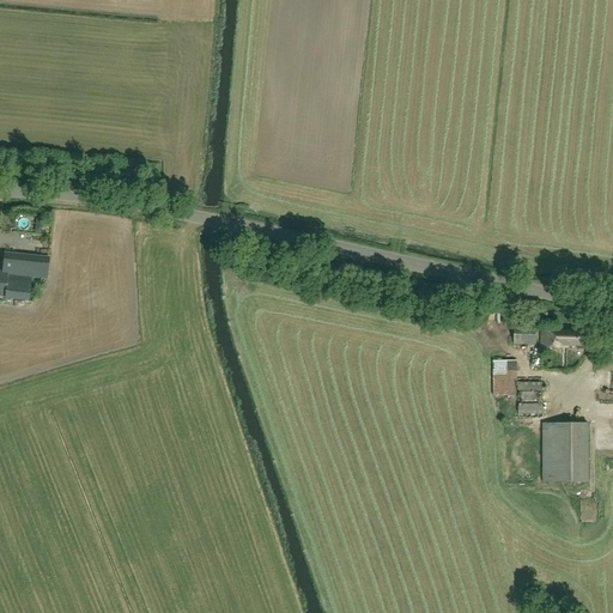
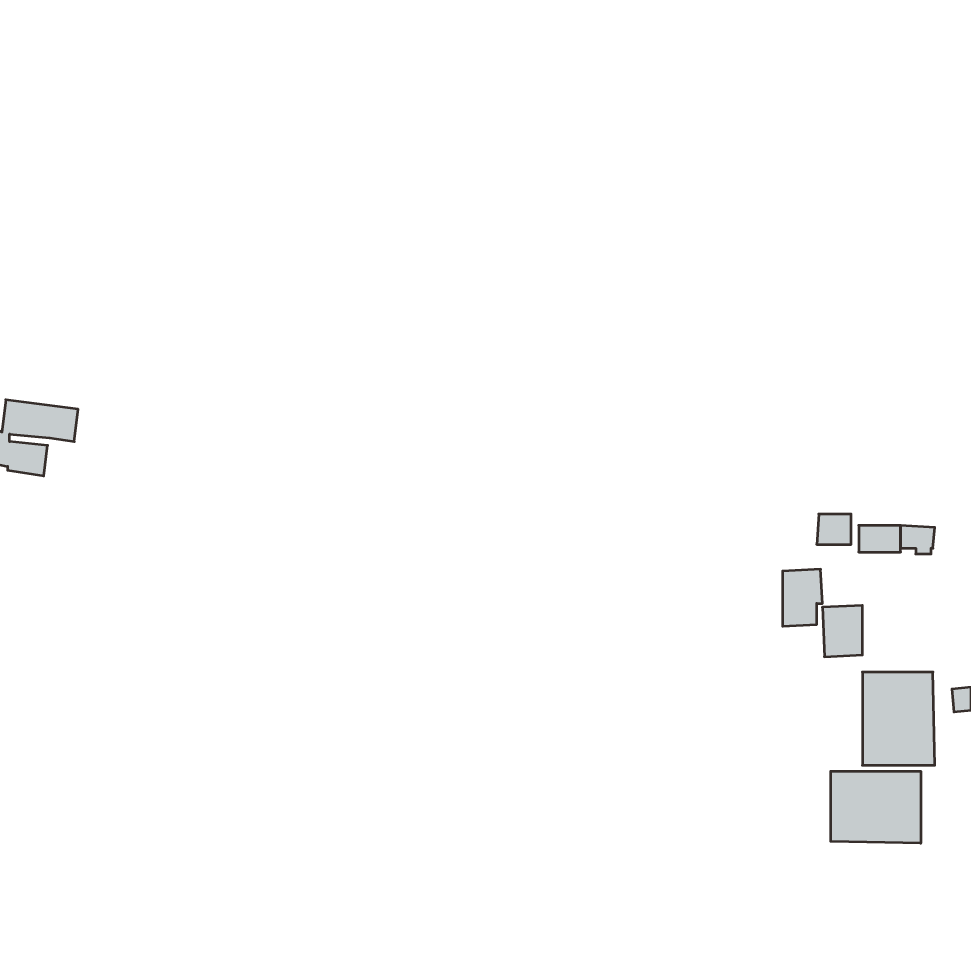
building: none -> [831,771,921,843]

